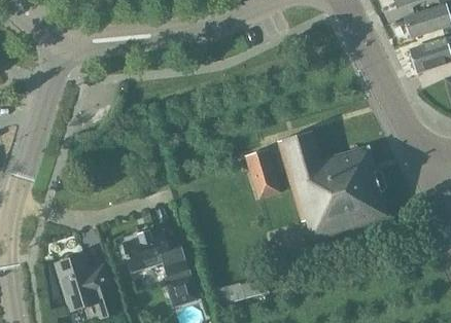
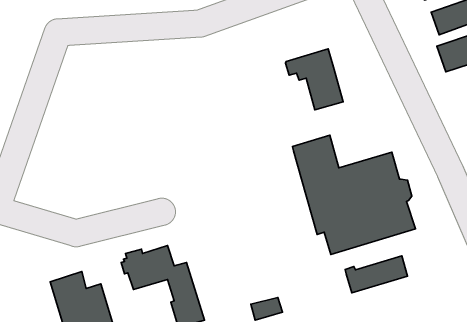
building: none -> [286,49,343,110]
building: [245,147,280,202] -> none
building: none -> [345,256,407,293]

